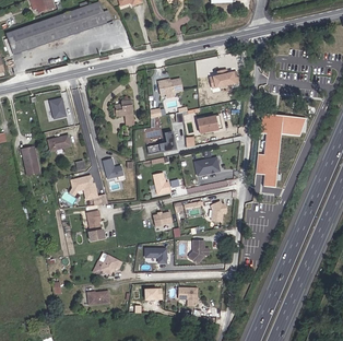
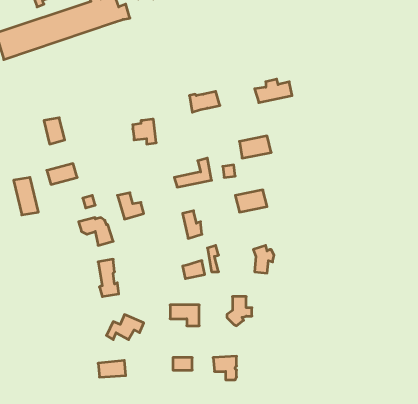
building: [256,114,304,187] -> none

